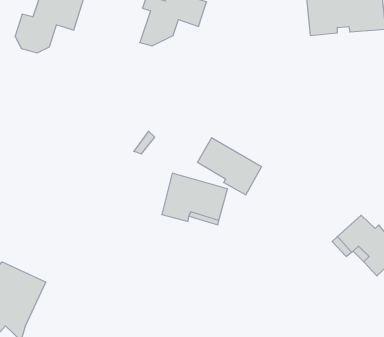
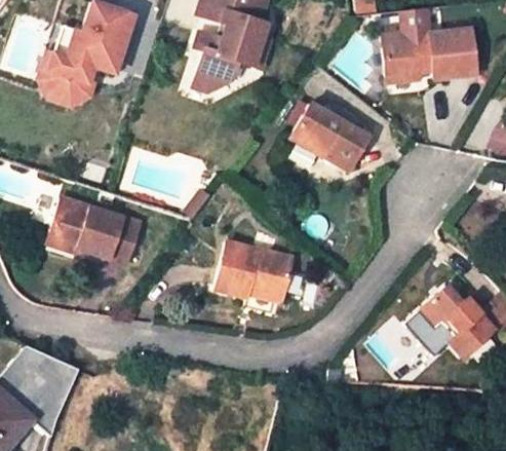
building: none -> [36,51,100,106]
building: [197,138,262,195] -> [289,105,364,172]
building: none -> [49,198,141,264]

